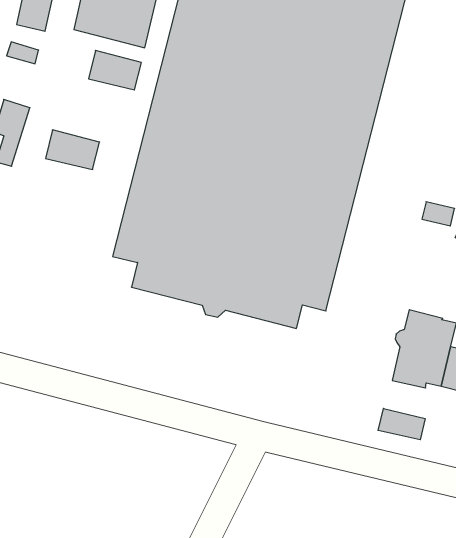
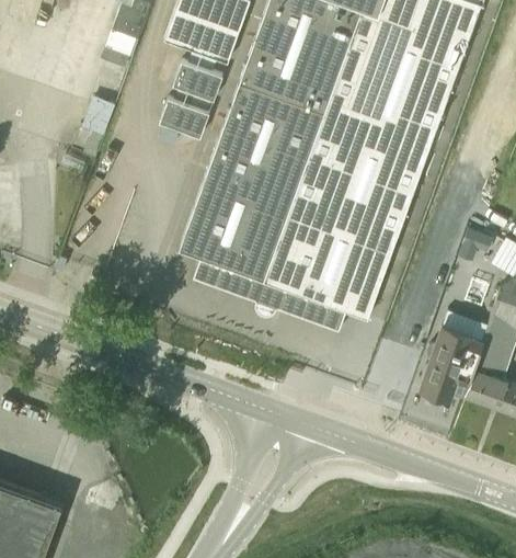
building: [46,130,100,169] -> [159,95,209,135]
building: [378,408,425,440] -> none

